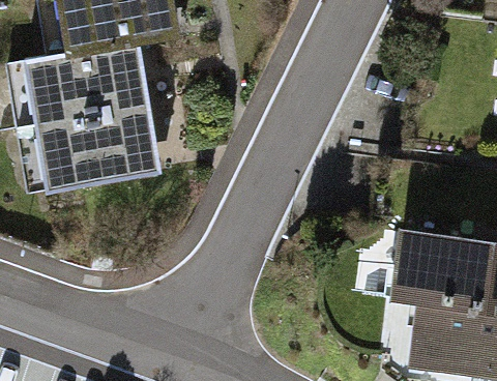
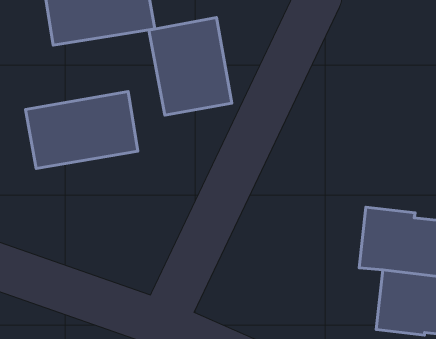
building: none -> [149,17,232,115]
building: [24,42,146,124] -> none

